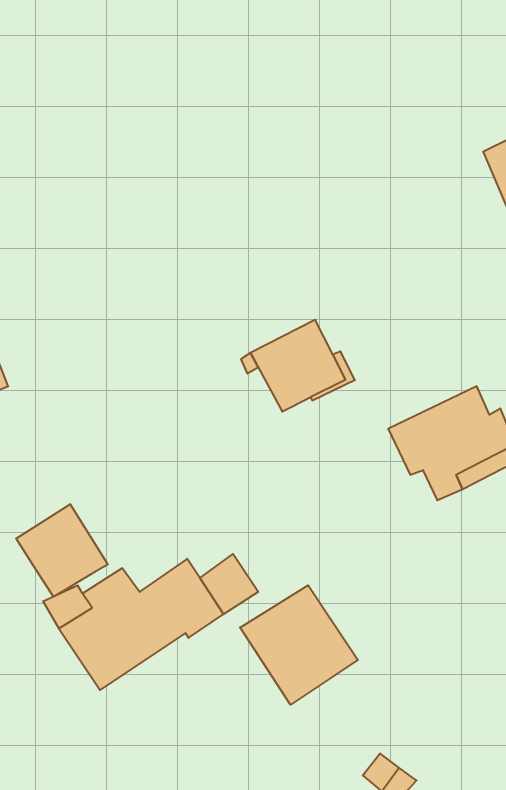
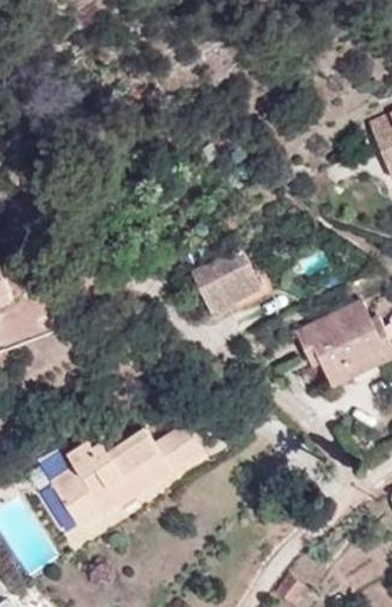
building: [16,504,108,597] -> none
building: [240,585,358,705] -> none

